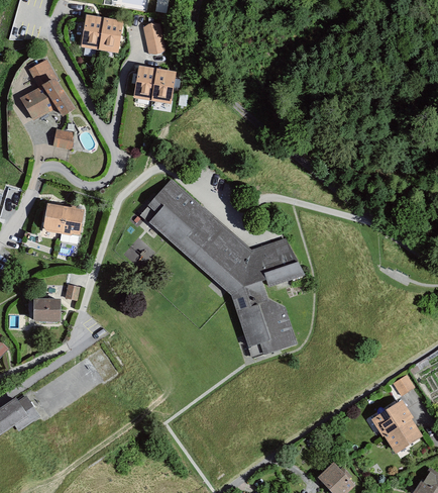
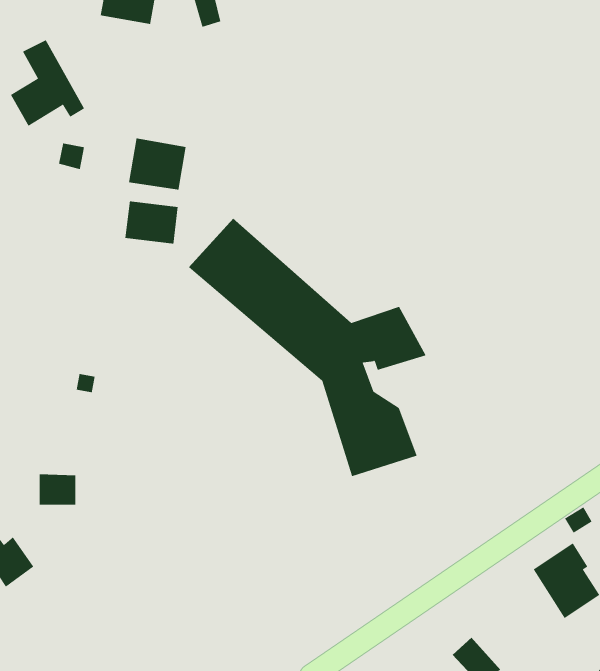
building: [134,66,174,101] -> [128,138,187,190]
building: [44,204,81,233] -> [125,201,179,244]
building: [33,298,59,319] -> [39,474,76,505]

